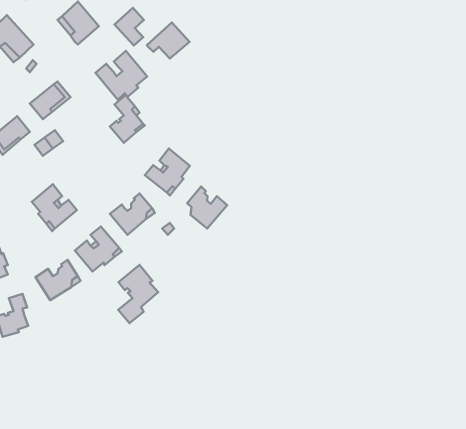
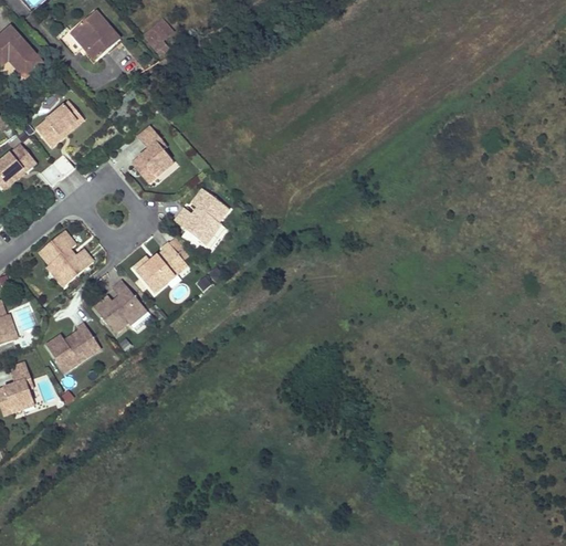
building: [147,23,190,59] -> none
building: [96,51,147,100] -> none
building: [187,186,227,228] -> none
building: [118,265,158,323] -> none

